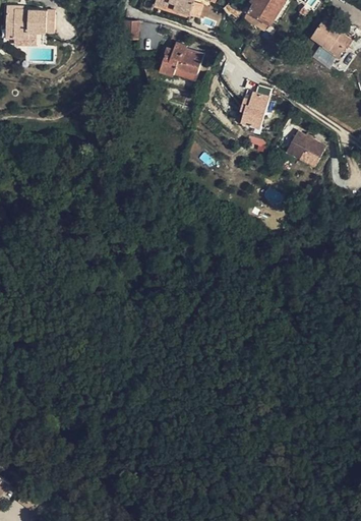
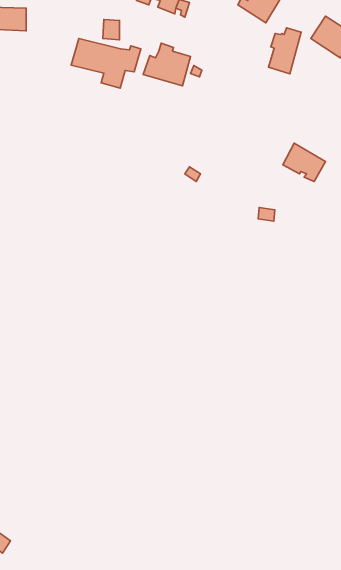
building: none -> [71,38,141,88]
building: [241,86,270,128] -> [268,28,301,74]

